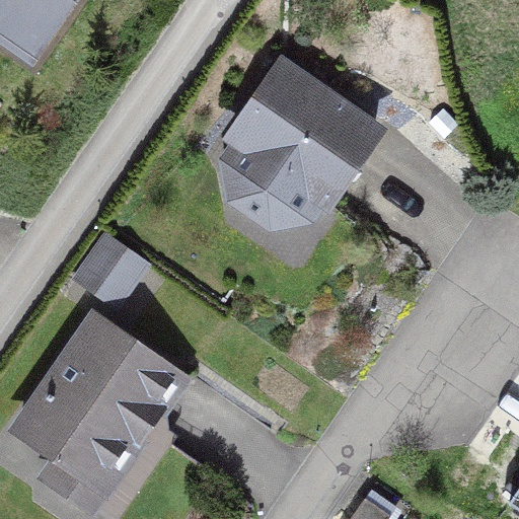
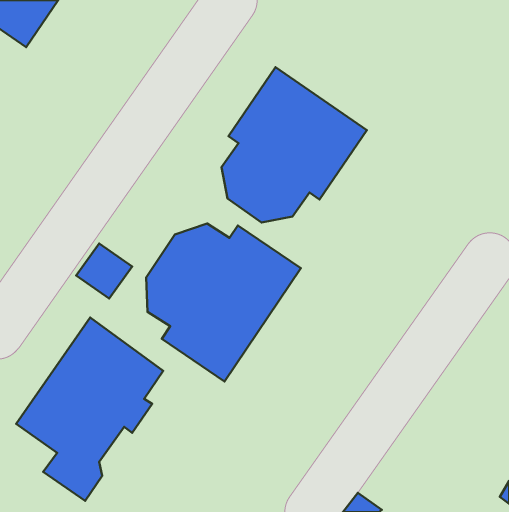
building: none -> [146,223,301,382]

